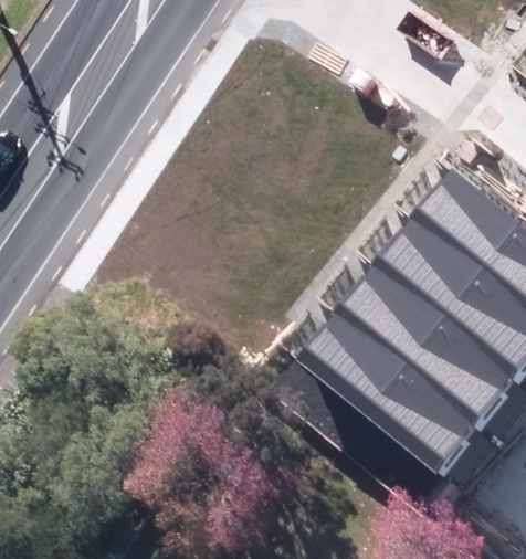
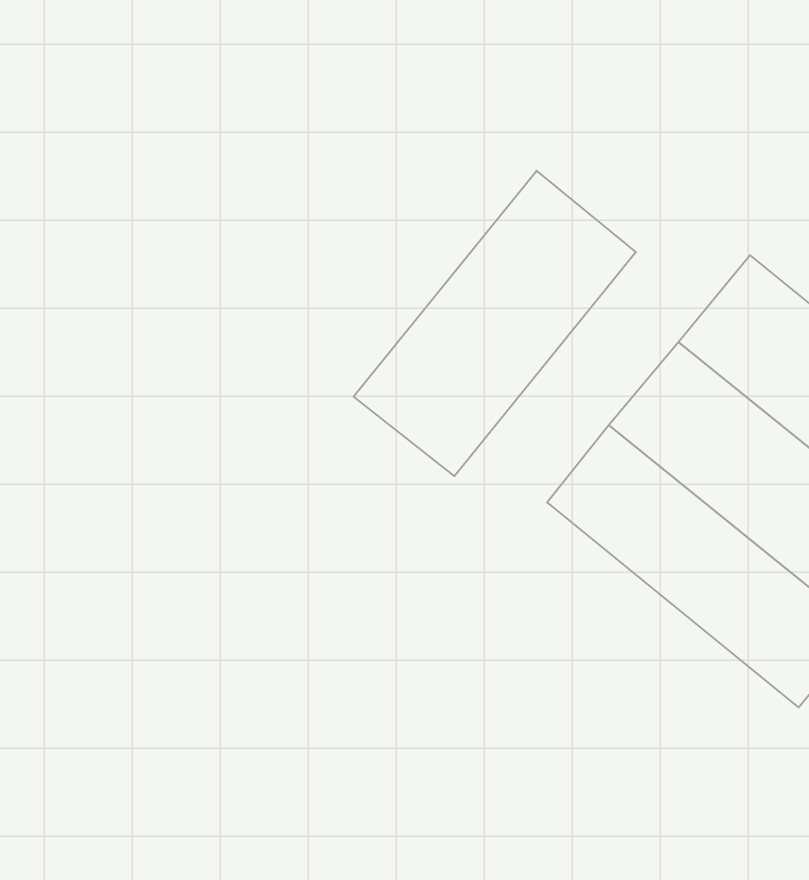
building: none -> [354,171,636,476]
building: [296,309,481,476] -> none

